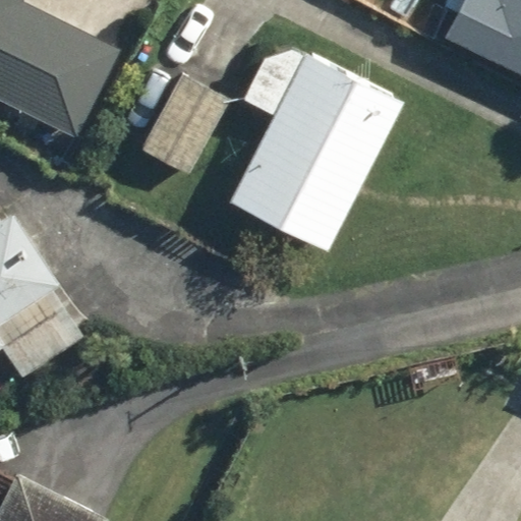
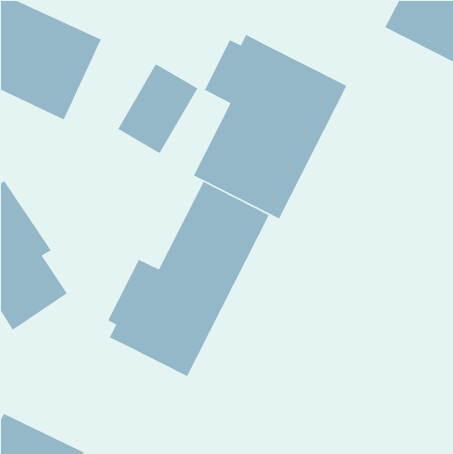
building: none -> [107,181,270,377]

